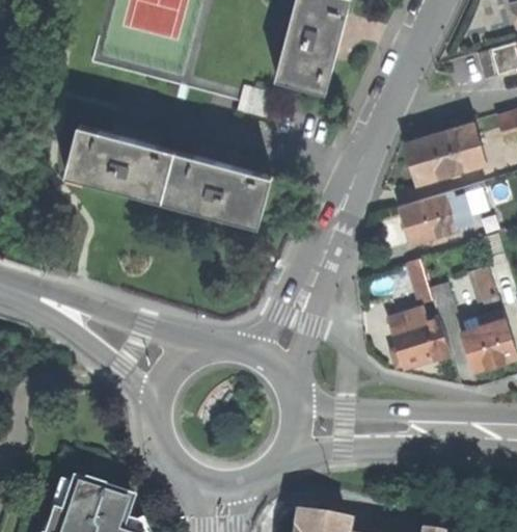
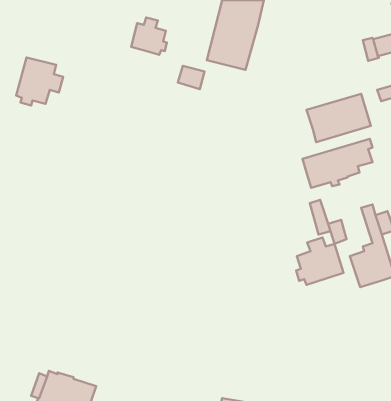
building: none -> [131,17,167,55]
building: none -> [16,57,63,105]
building: [63,127,269,229] -> none

